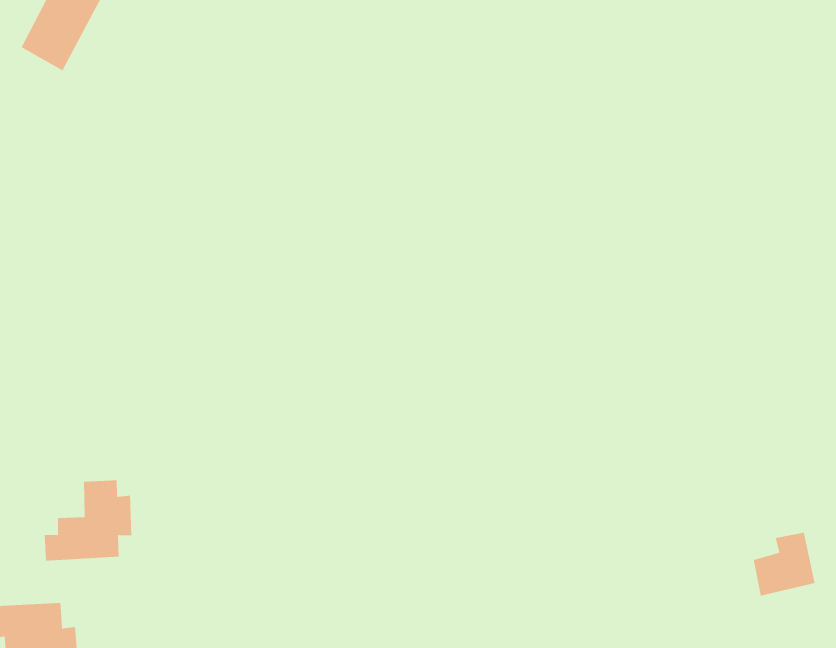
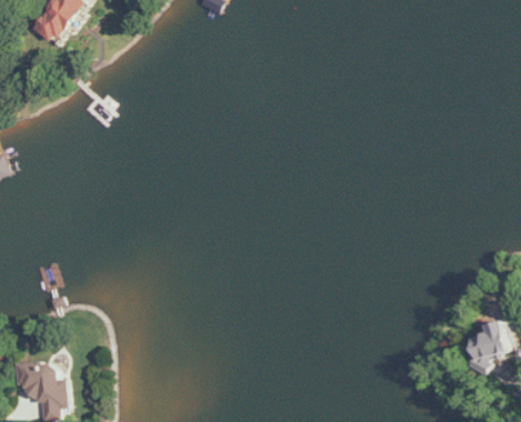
building: [44,479,132,562] -> none

